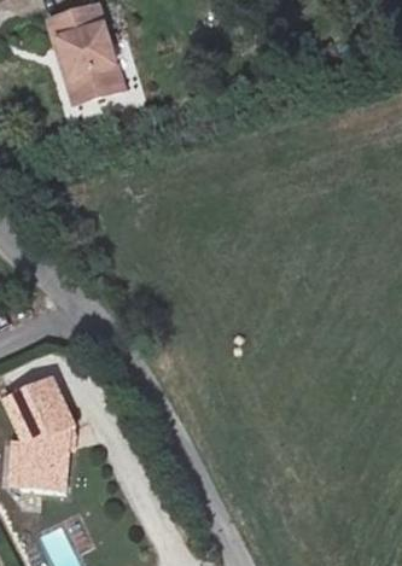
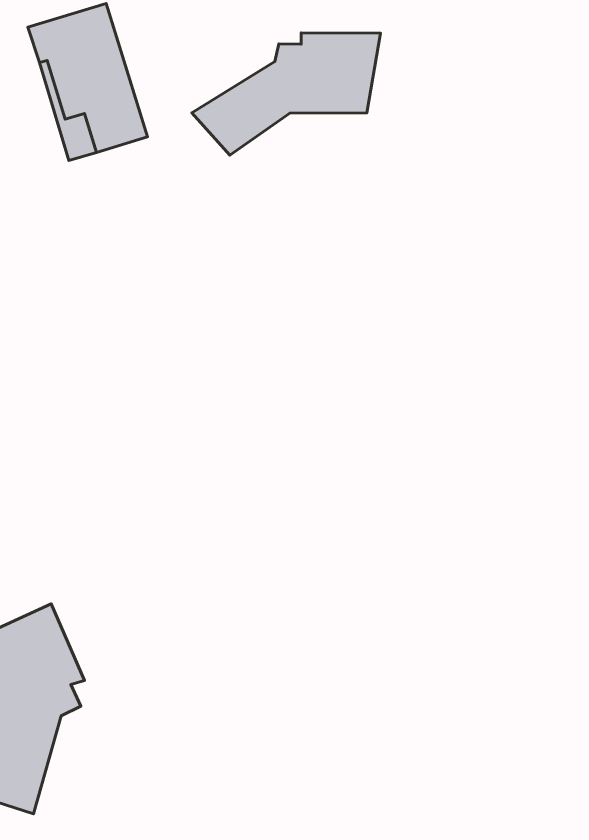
building: none -> [192,33,381,155]

